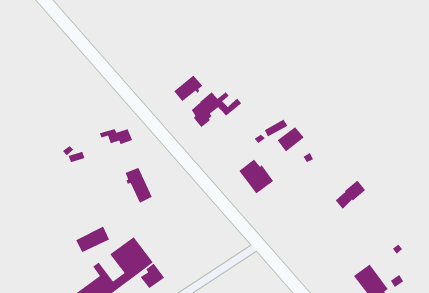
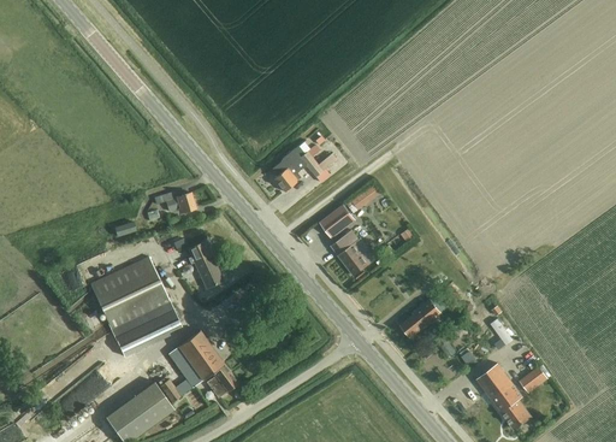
building: [173,74,203,102] -> none
building: [276,126,305,153] -> [320,205,356,238]
building: [335,180,366,210] -> [402,299,442,337]
building: none -> [89,258,171,332]

